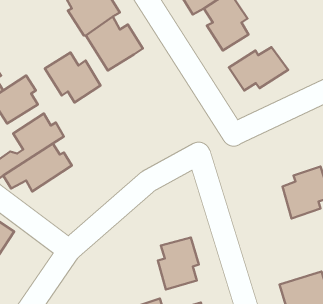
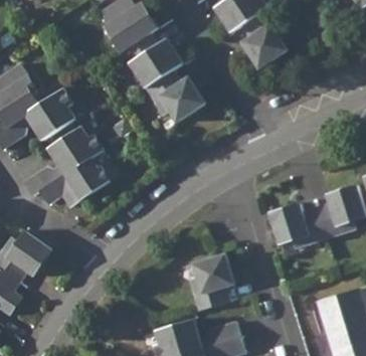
building: [229,47,288,91] -> none
building: [45,53,101,103] -> [143,71,199,122]
building: none -> [273,202,328,245]

